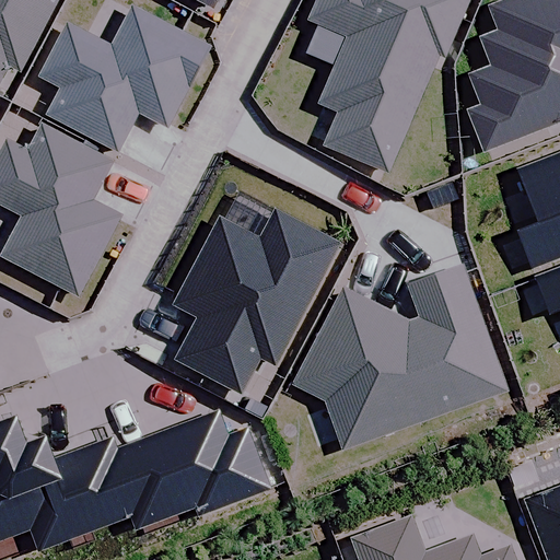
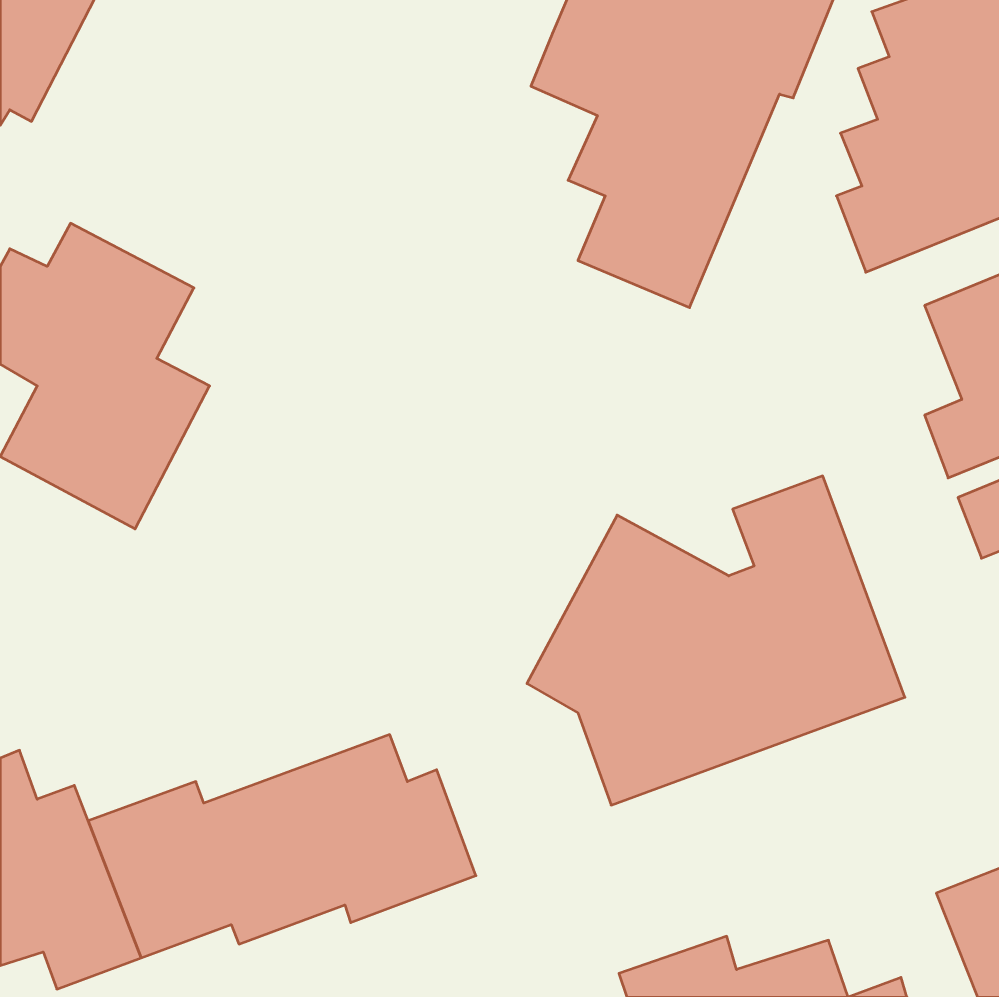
building: [39,5,208,150] -> none
building: [174,209,336,390] -> none

